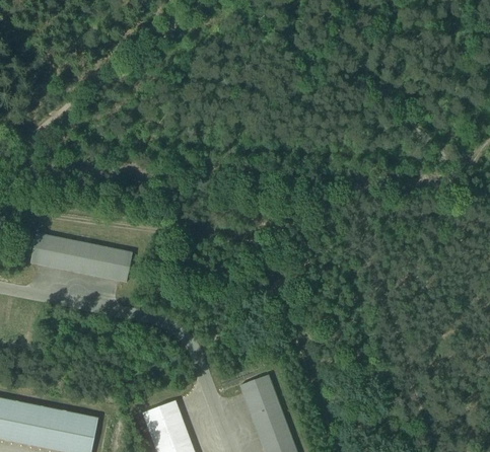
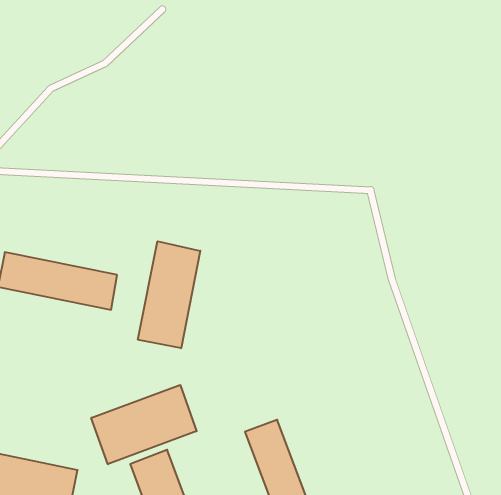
building: none -> [138,241,200,348]
building: none -> [91,385,197,464]

